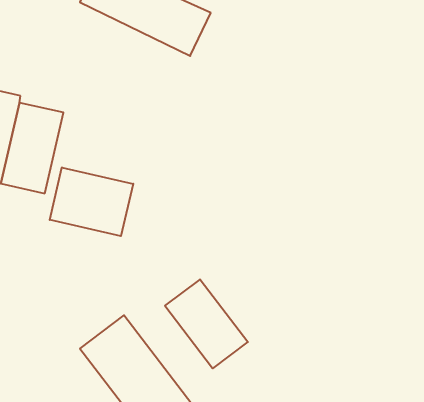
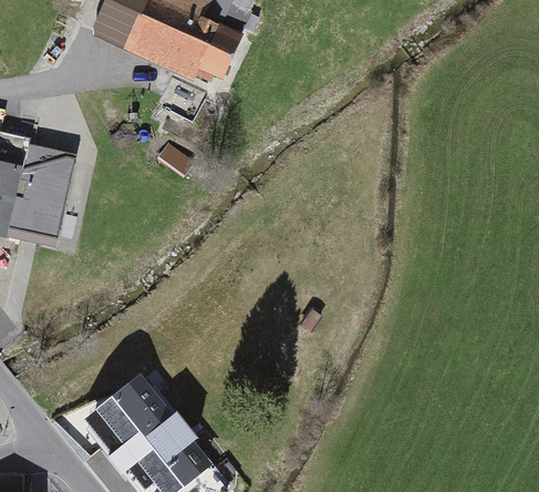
building: [50,167,133,236] -> none
building: [165,279,248,368] -> none

